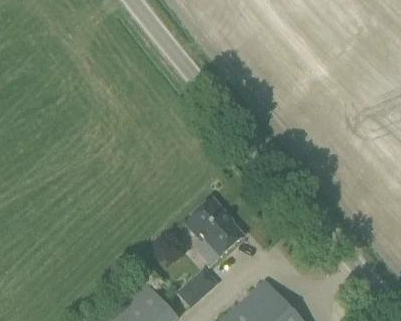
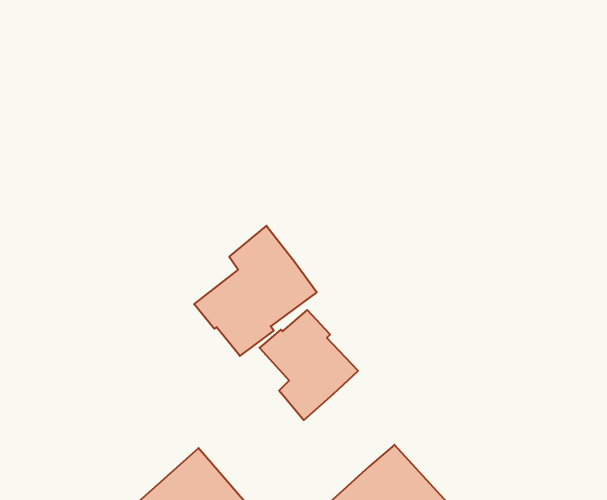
building: none -> [194,226,317,356]
building: [178,268,215,304] -> none

